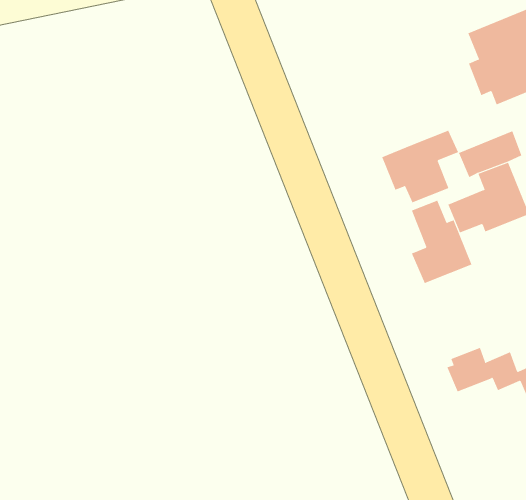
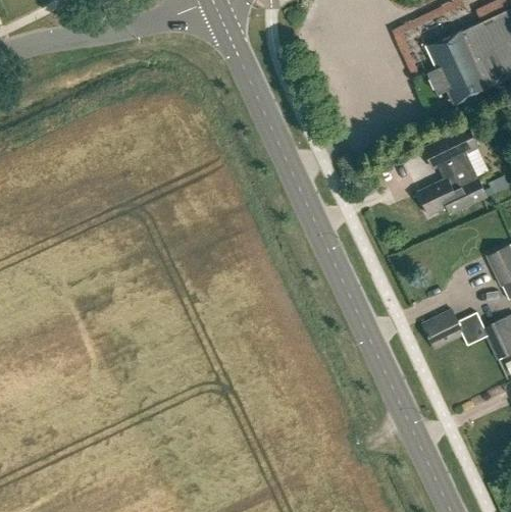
building: [381,130,459,203] -> none
building: [411,200,472,284] -> none

